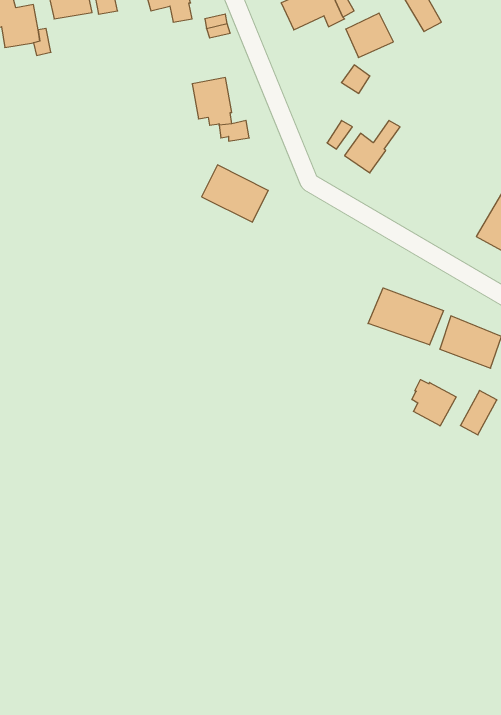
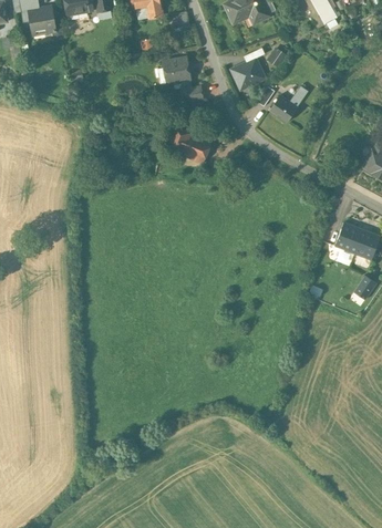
building: [346,13,393,58] -> [231,59,265,90]
building: [368,288,443,345] -> none
building: [412,380,456,426] -> none

